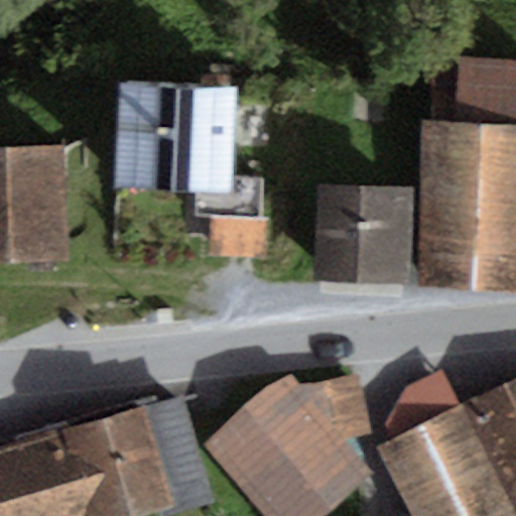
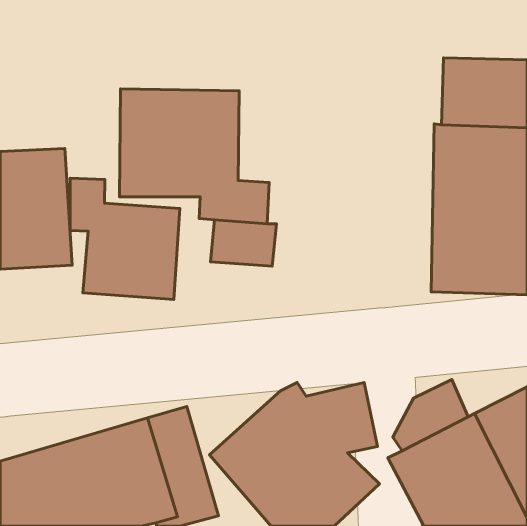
building: none -> [70,178,180,299]
building: [316,185,412,283] -> none

